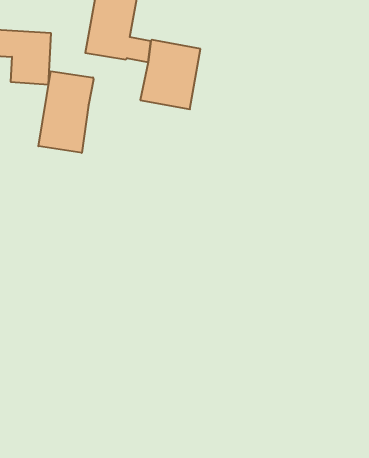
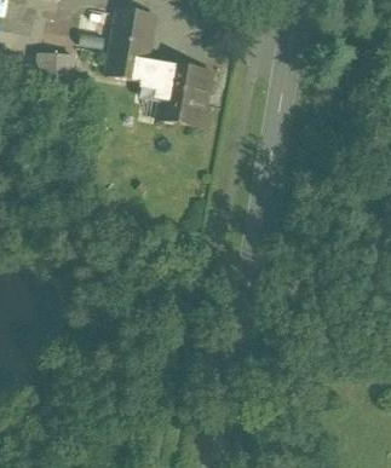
building: [38,71,94,153] -> none

